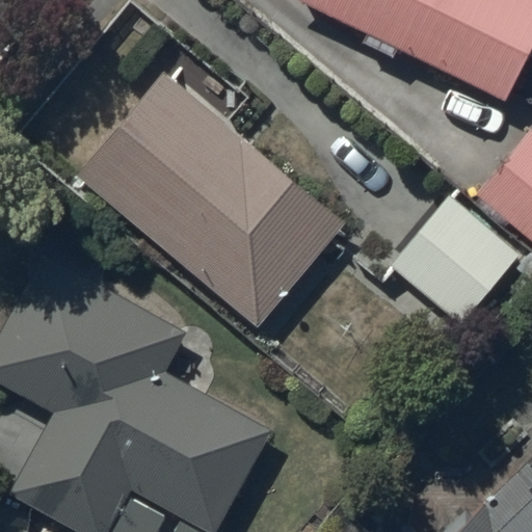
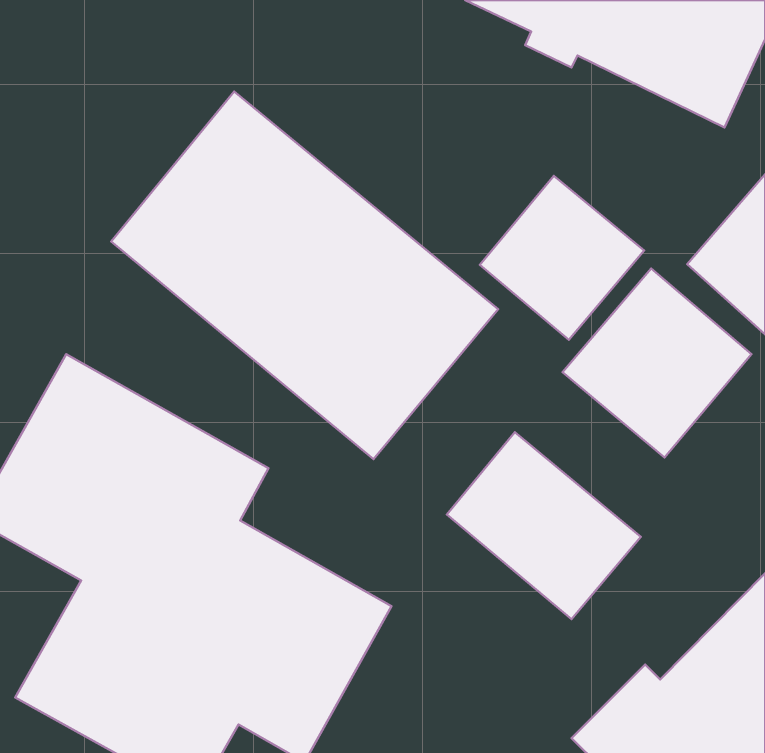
building: none -> [480,176,644,340]
building: none -> [447,432,641,619]

